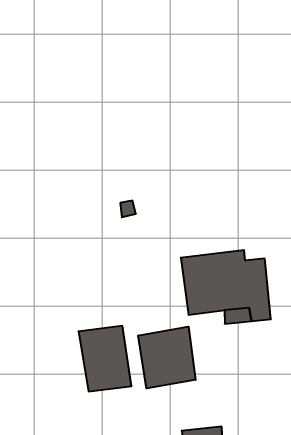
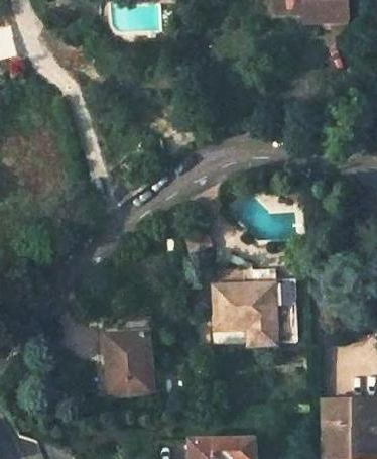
building: [138,327,196,388] -> none

